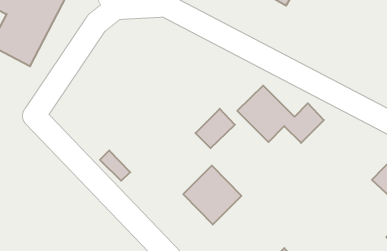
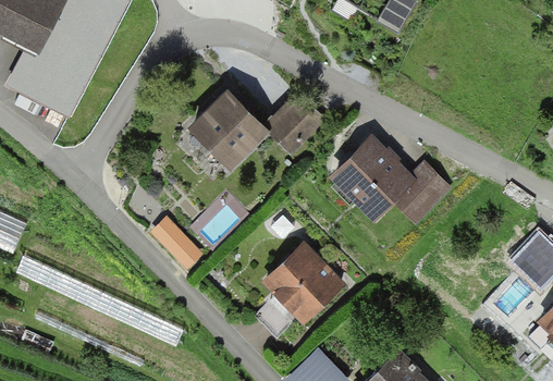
building: none -> [193,93,265,164]
building: [195,109,235,148] -> [271,98,322,149]

